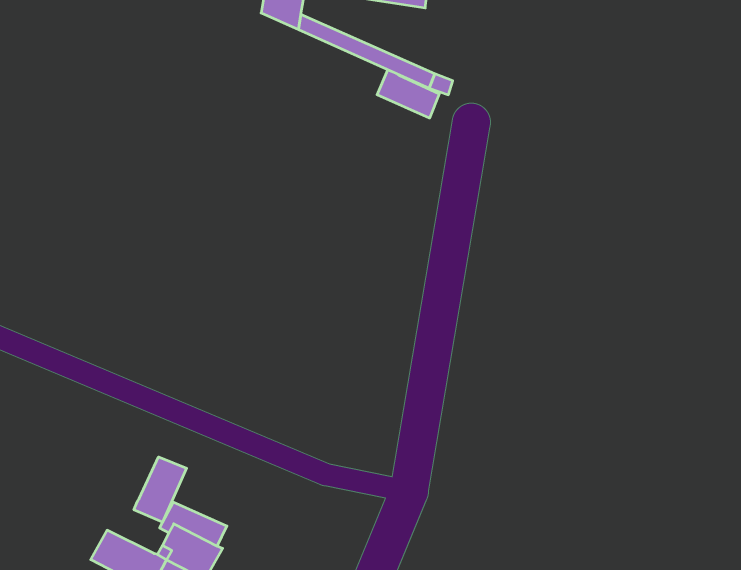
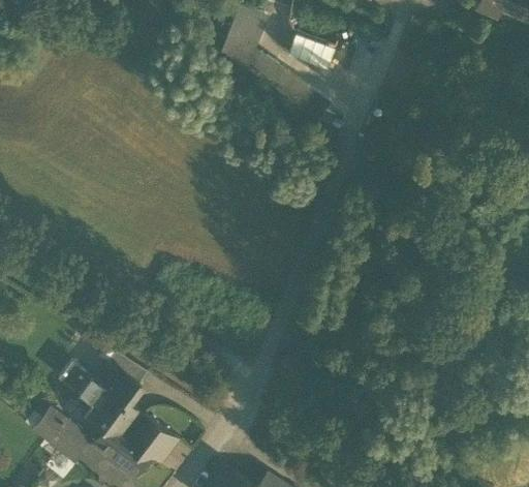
building: [377,70,439,118] -> none
building: [134,457,187,522] -> none

